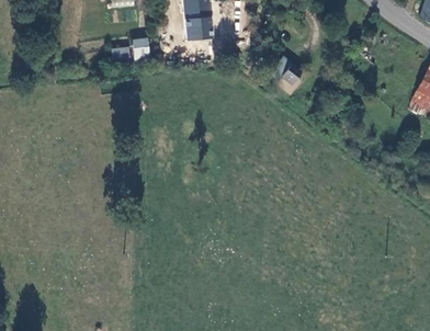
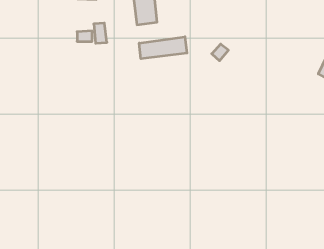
building: none -> [139,37,187,59]

